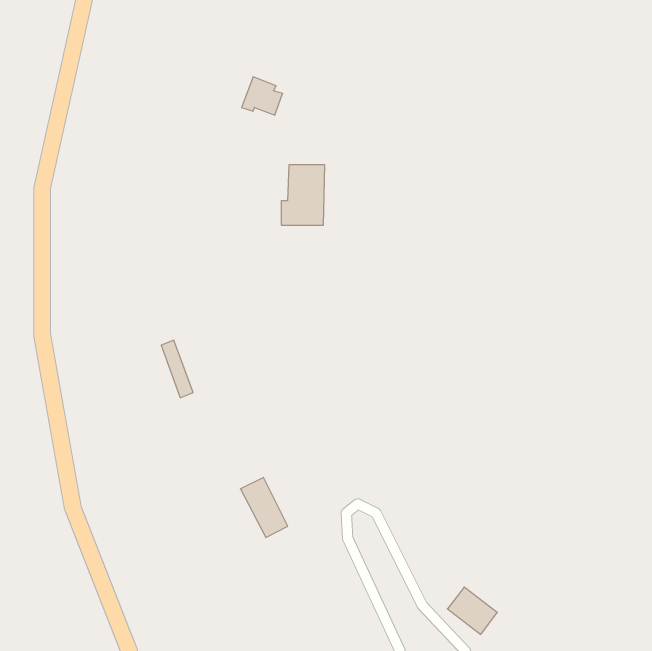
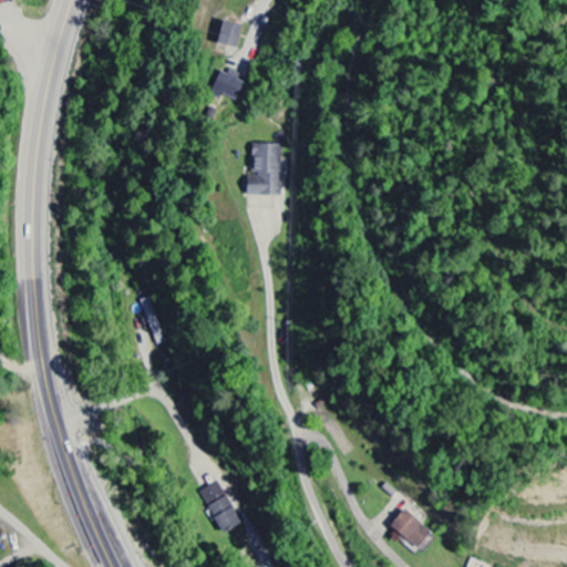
building: none -> [217,20,243,48]
building: [240,477,288,538] -> [199,480,240,532]

